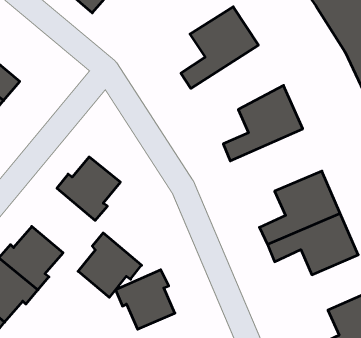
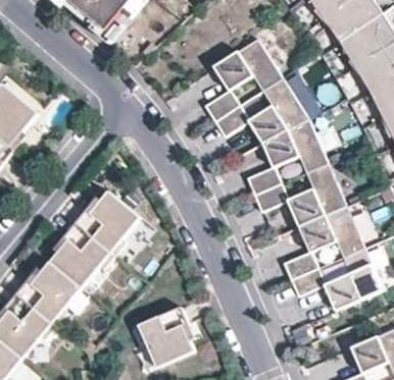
building: none -> [211,77,305,143]
building: none -> [251,162,344,225]
building: [78,233,142,297] -> [50,222,114,287]

